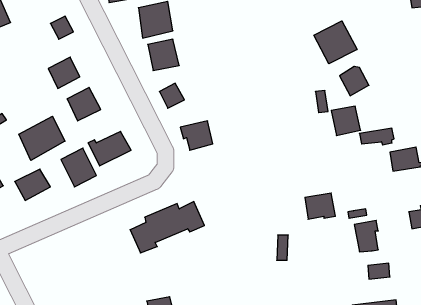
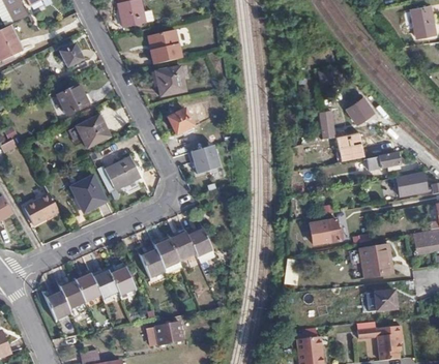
building: [314,21,357,64] -> none
building: [19,116,65,160] -> none
building: none -> [45,264,135,319]

